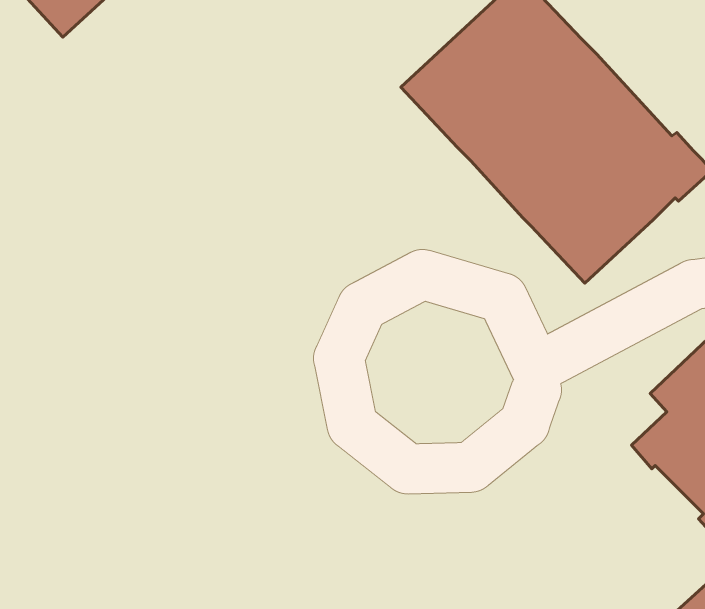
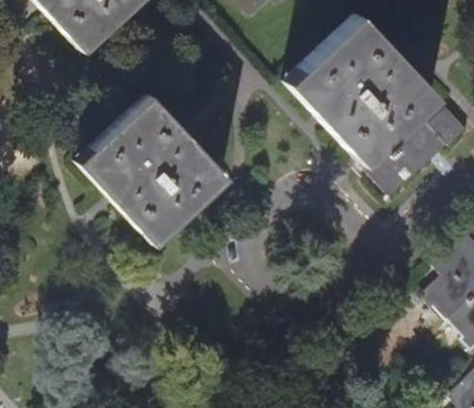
building: none -> [76,90,226,242]

